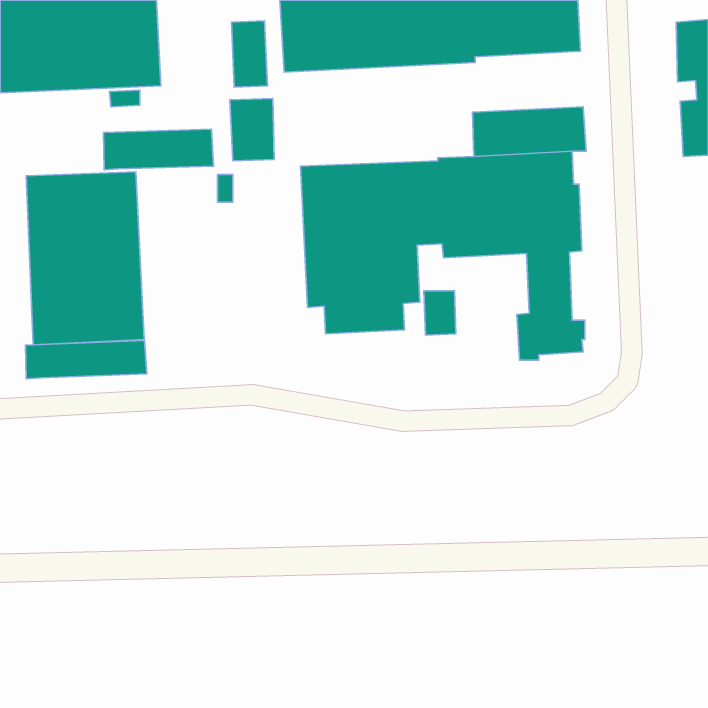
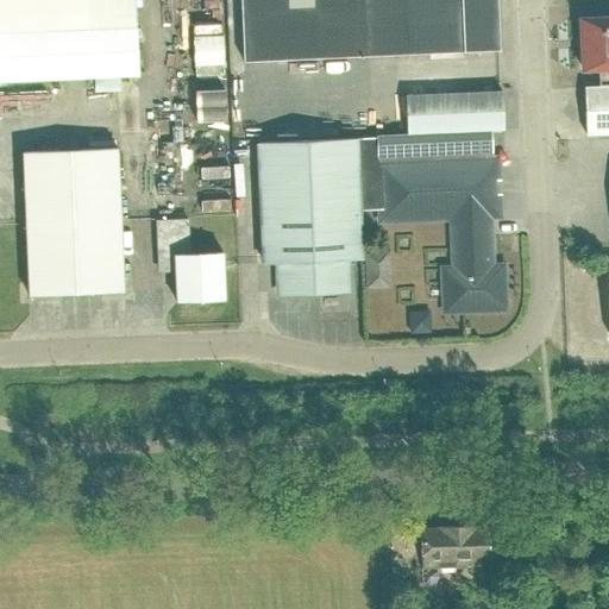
building: [104,129,214,170] -> none
building: none -> [175,252,225,304]
building: [26,340,147,379] -> none
building: none -> [421,525,509,569]

